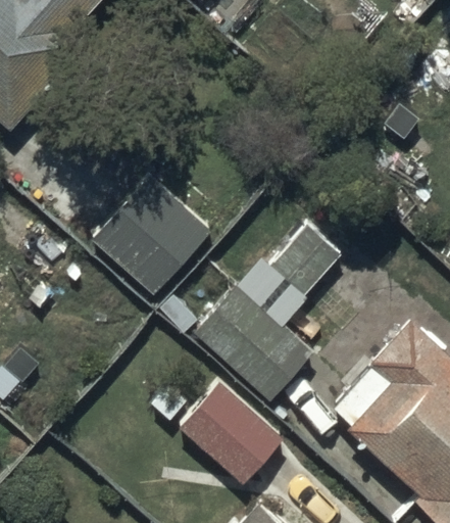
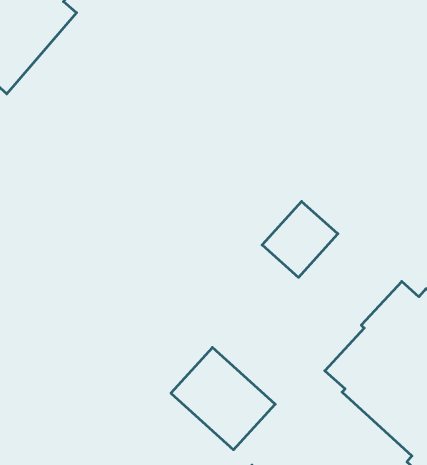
building: [92,178,206,292] -> none
building: [196,296,315,415] -> none

